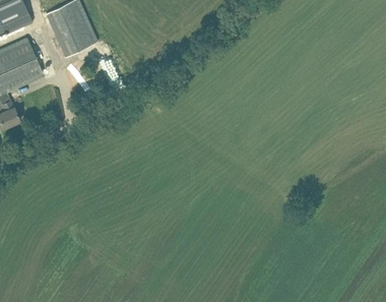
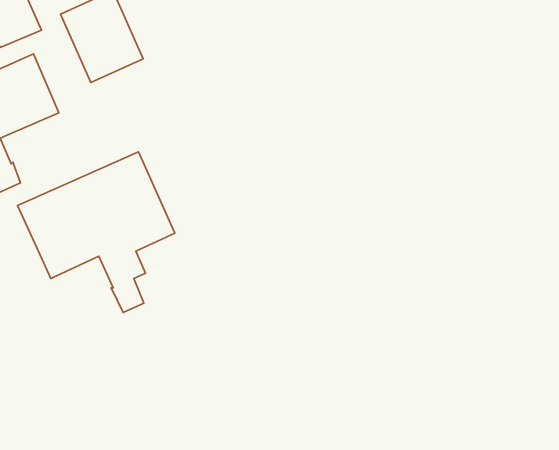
building: none -> [18,152,175,313]

